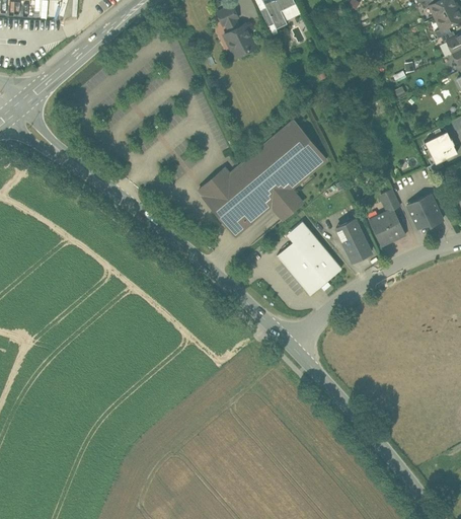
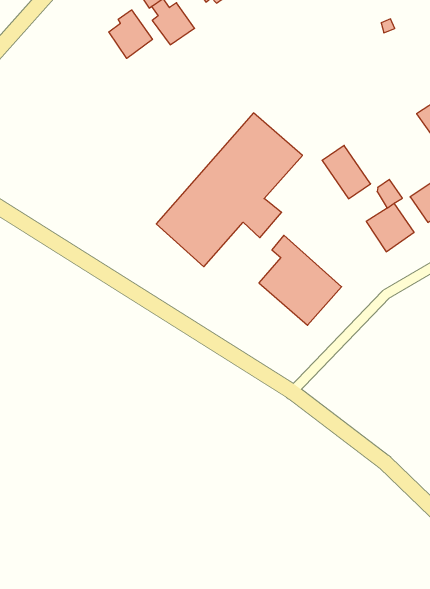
building: none -> [109,10,152,58]
building: [335,219,371,262] -> [322,145,371,199]

